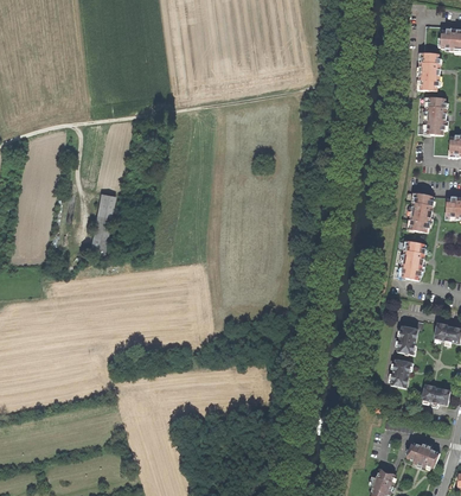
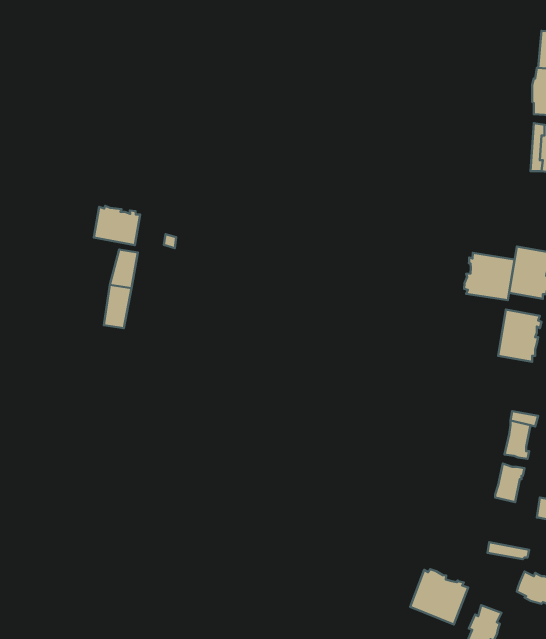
building: none -> [94,206,140,245]
building: none -> [464,253,515,300]
building: none -> [410,569,468,624]

